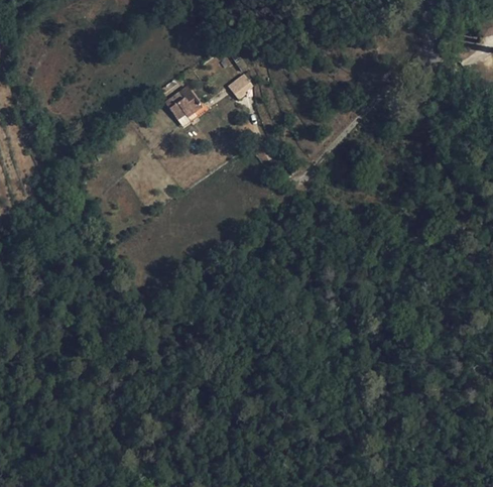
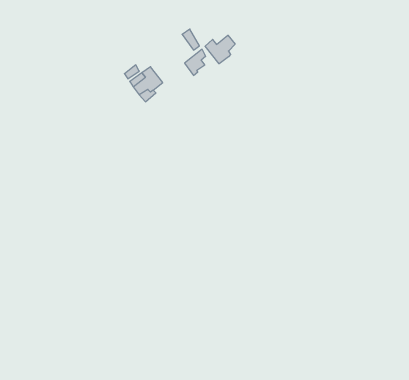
building: none -> [205,35,235,64]

